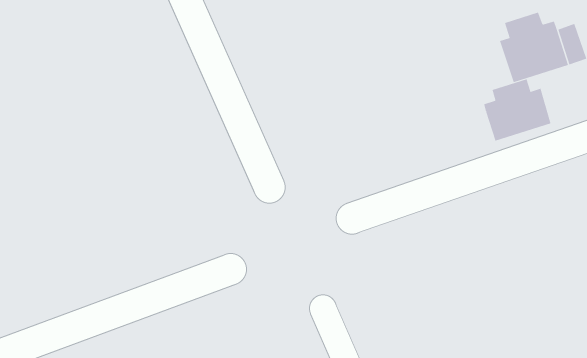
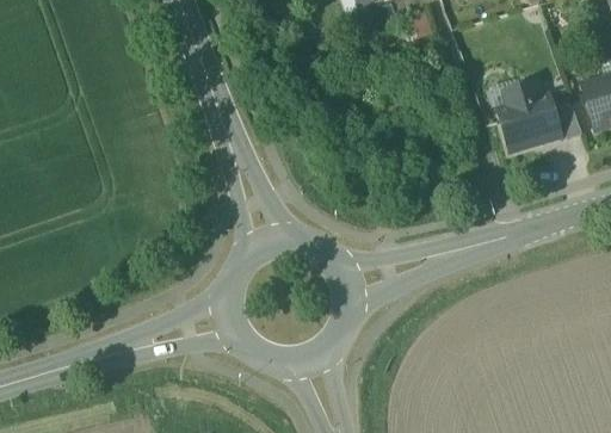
building: [484,79,551,141] -> none

